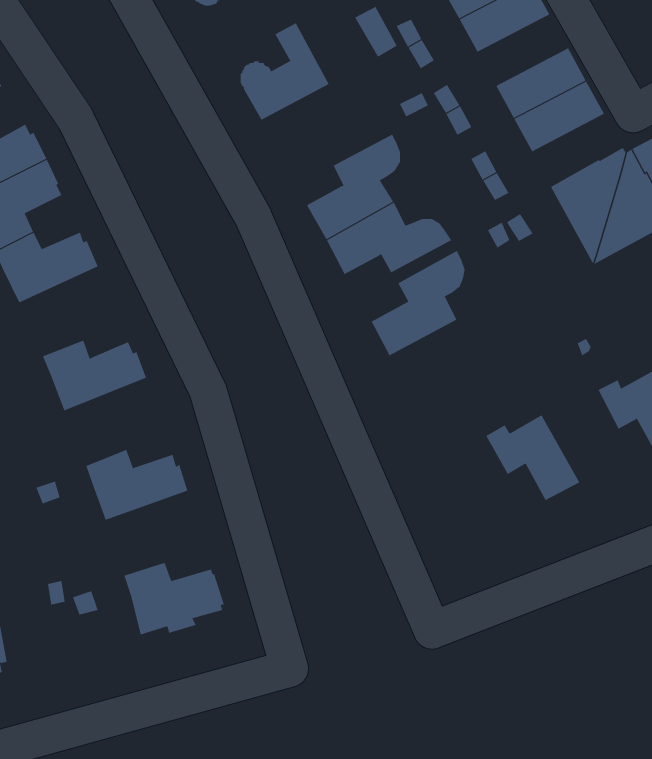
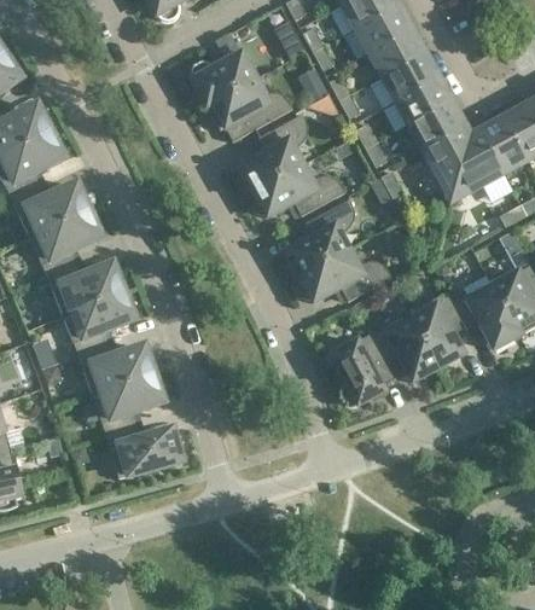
building: none -> [364,27,430,79]
building: none -> [207,77,298,141]
building: none -> [403,99,470,152]
building: none -> [30,210,99,275]
building: none -> [300,249,391,302]
building: none -> [63,291,132,355]
building: none -> [411,291,466,367]
building: none -> [331,333,395,406]
building: none -> [93,373,161,435]

